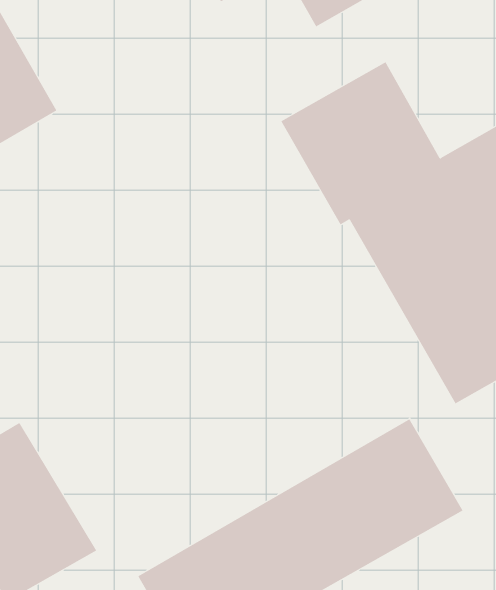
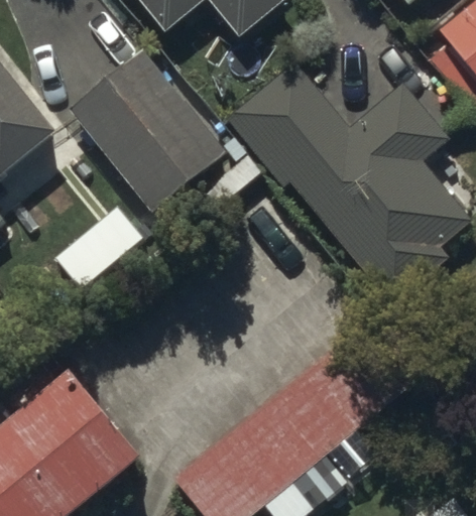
building: none -> [67,44,226,209]

